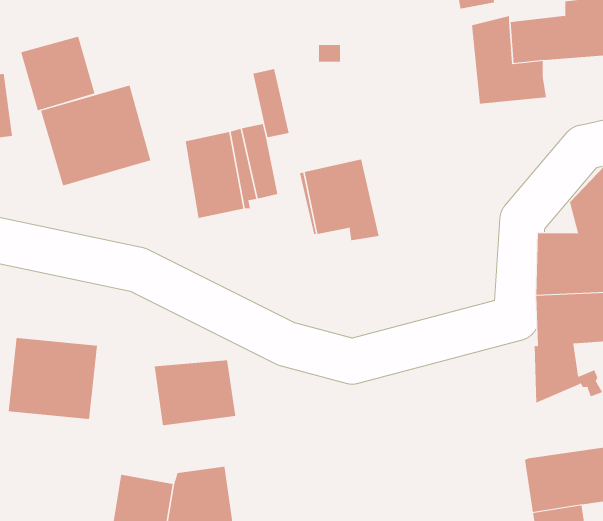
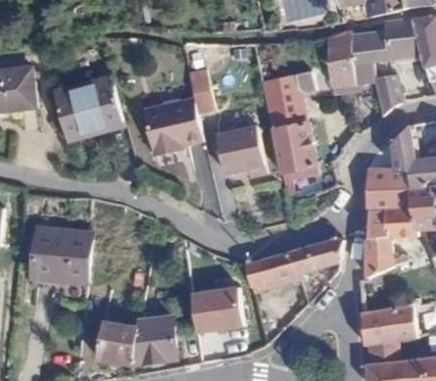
building: [21,36,95,111] -> none
building: none -> [372,66,400,114]
building: none -> [260,70,317,173]
building: none -> [245,238,340,288]
building: [154,360,236,426] -> [190,289,242,331]

